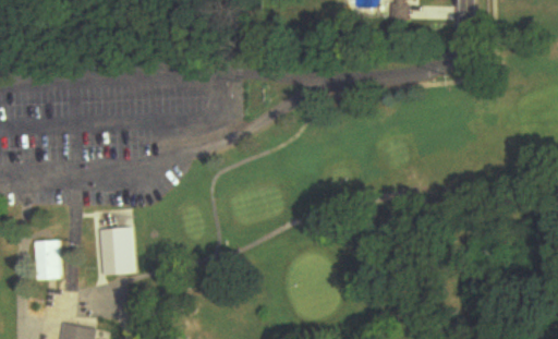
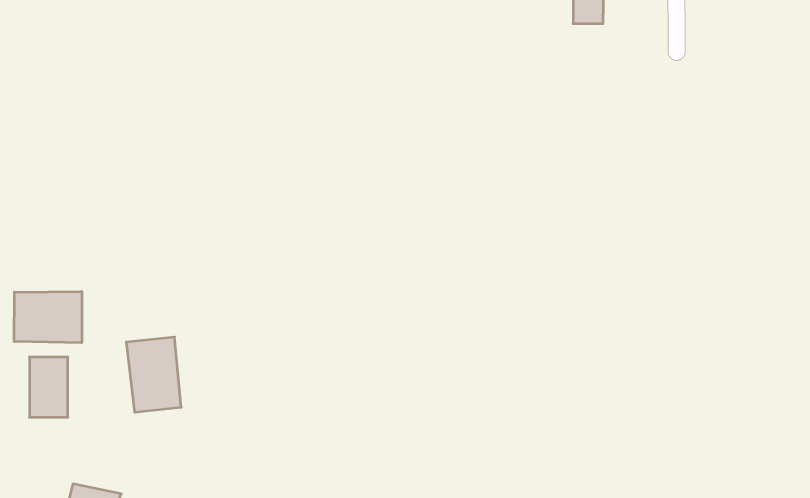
building: none -> [14,291,82,343]

